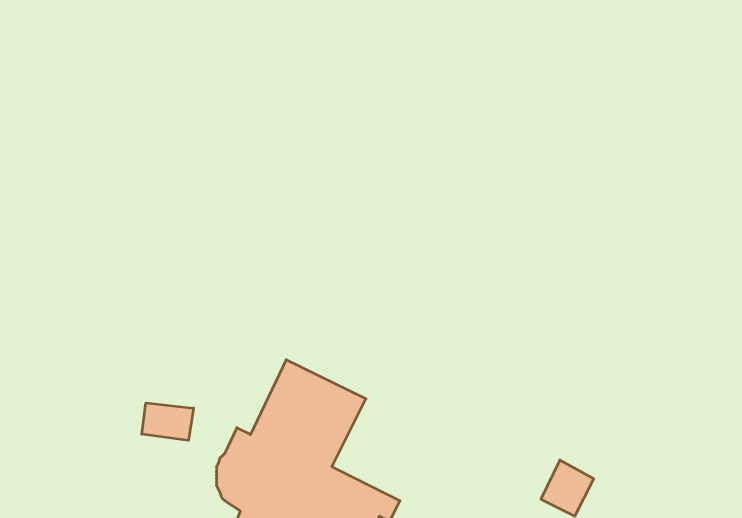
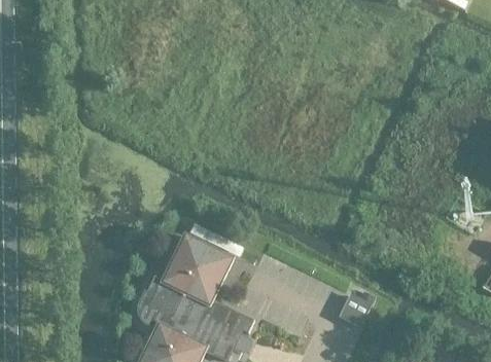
building: [142,403,194,440] -> none

